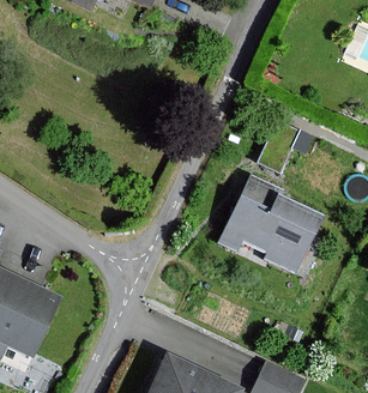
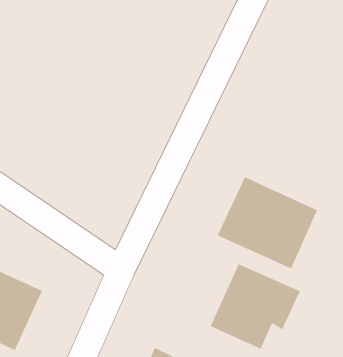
building: none -> [210,263,300,350]

